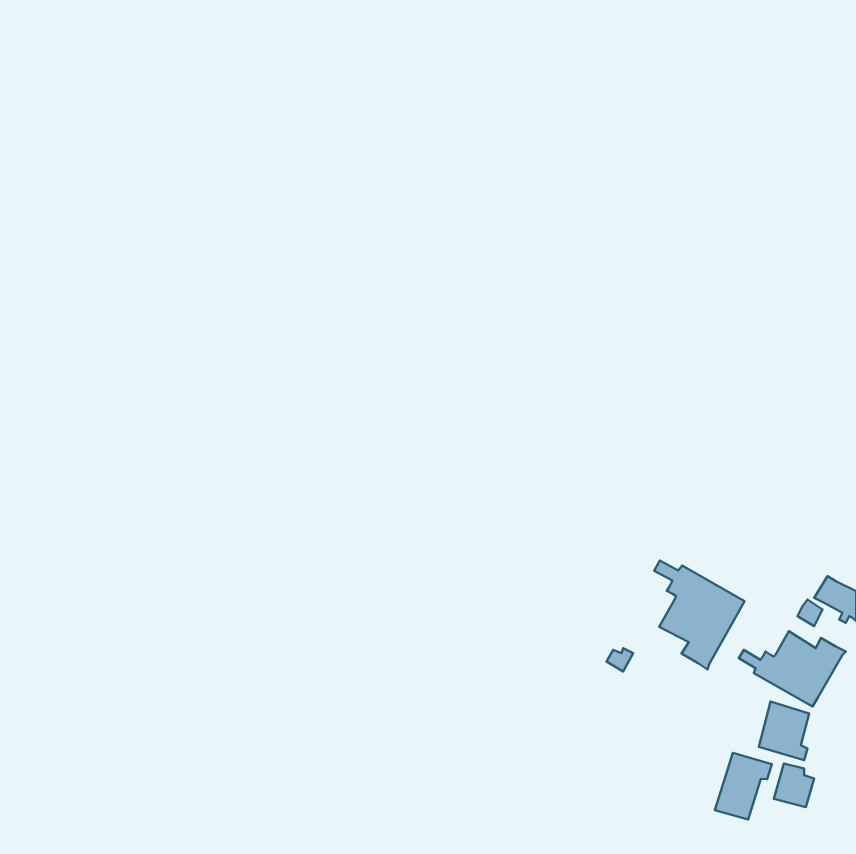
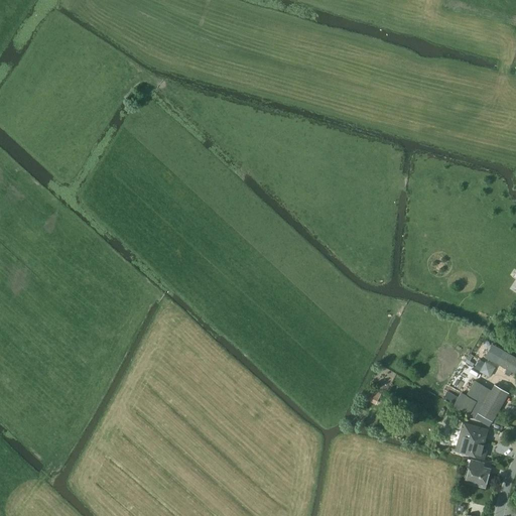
building: [654,560,744,669] -> none
building: [715,753,772,819] -> none

